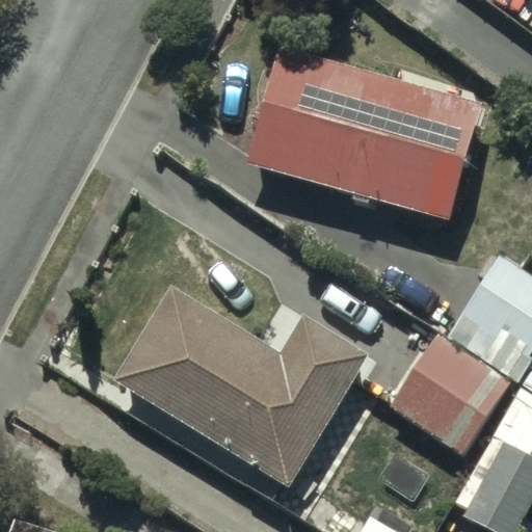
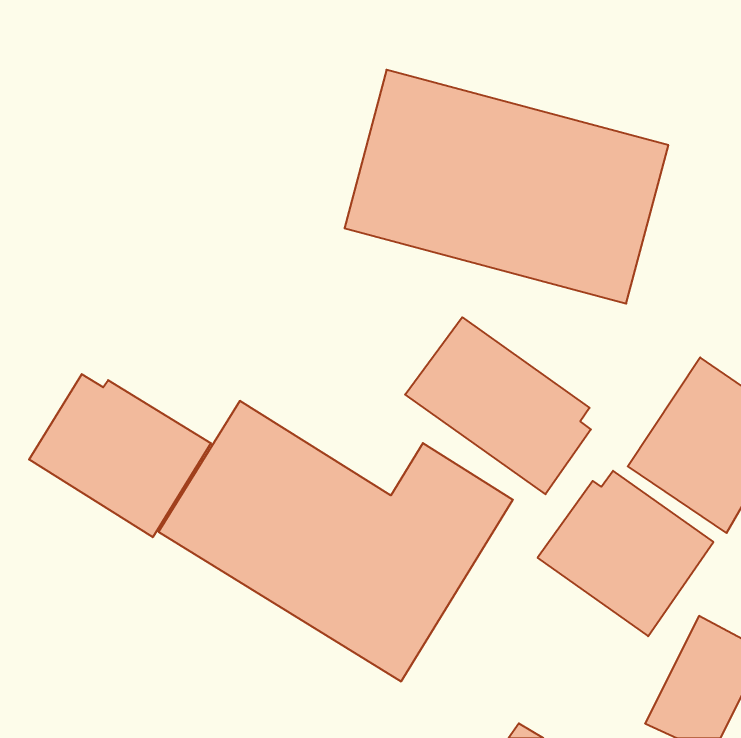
building: none -> [405,317,591,494]
building: none -> [29,374,211,537]

